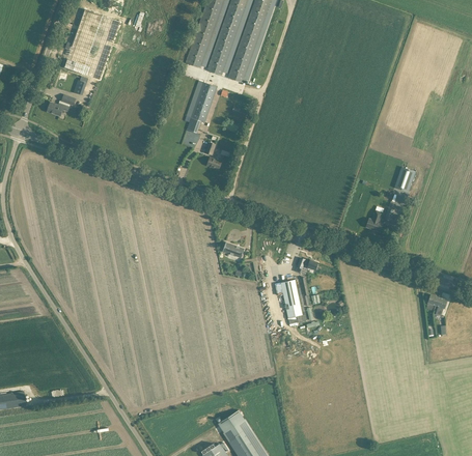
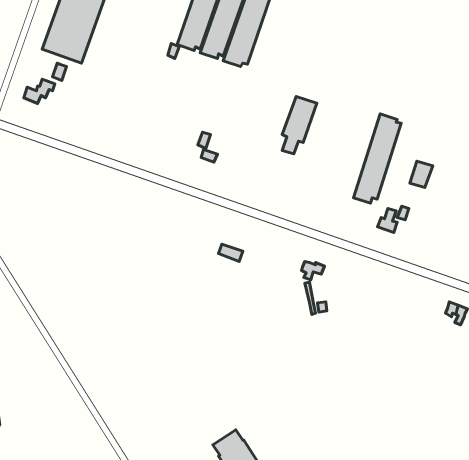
building: [186,81,217,133] -> [282,96,317,154]
building: none -> [354,114,401,203]
building: [280,280,304,324] -> none

